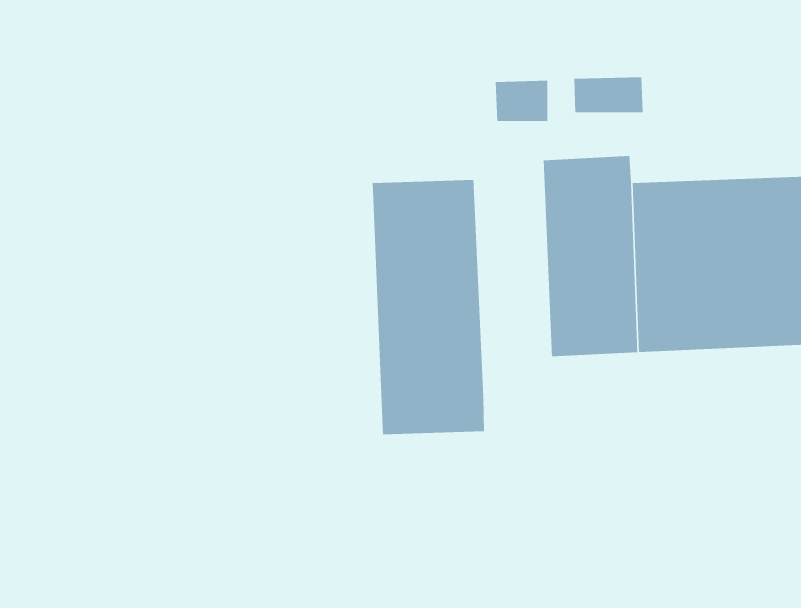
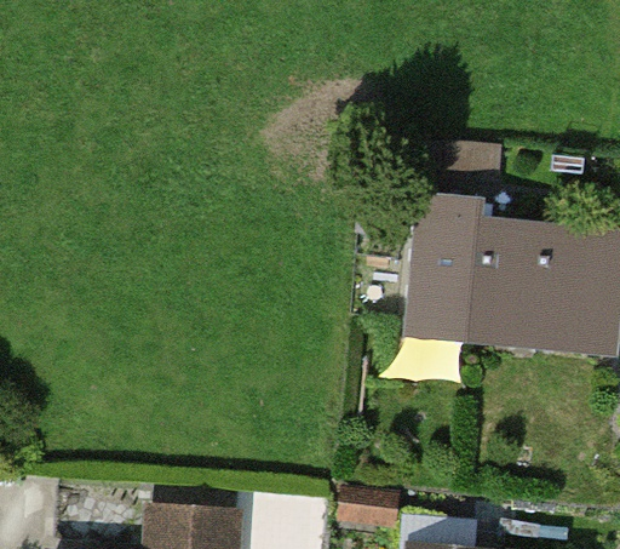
building: [372,179,484,435] -> none

